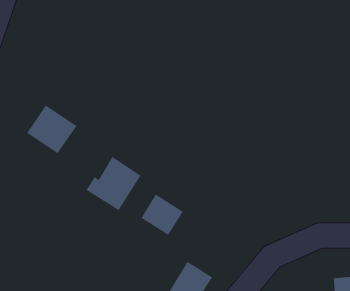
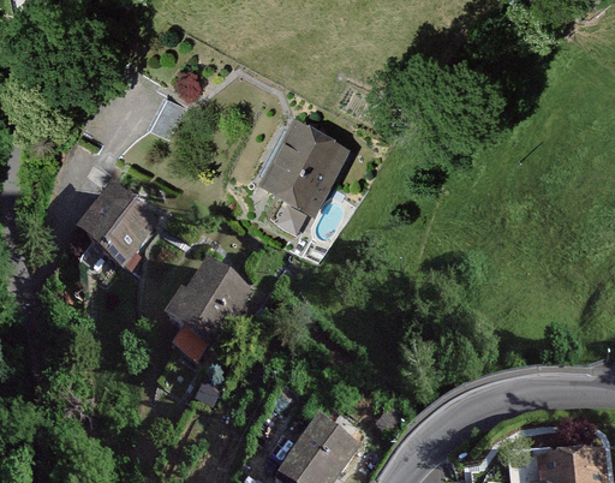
building: none -> [262,127,342,215]
building: [140,194,184,236] -> none

